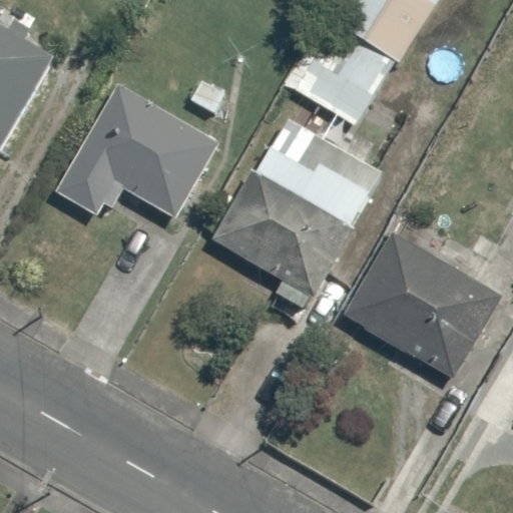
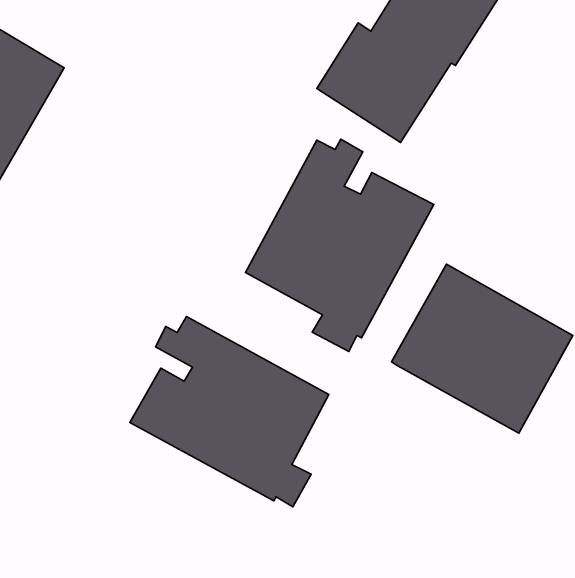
building: [57,83,219,217] -> none
building: none -> [130,317,329,507]

